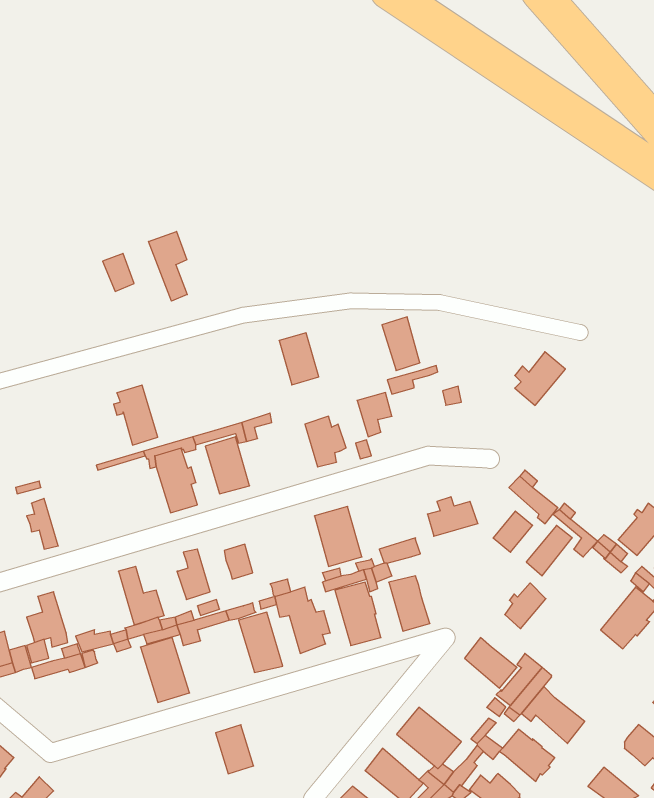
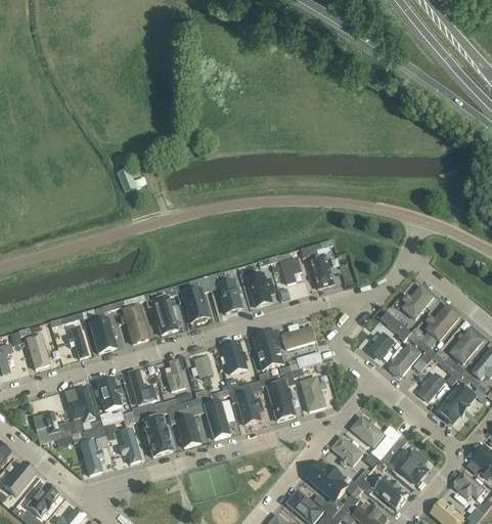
building: [149,231,187,301] -> none
building: [382,317,420,371] -> [309,255,333,290]
building: [279,333,319,385] -> [217,277,242,311]
building: [515,352,565,405] -> [402,282,435,317]
building: [114,385,158,445] -> [119,304,147,343]
building: none -> [427,304,459,339]
building: none -> [88,316,116,351]
building: [427,497,478,536] -> [281,323,314,349]
building: none -> [222,342,247,375]
building: none -> [95,377,121,410]
building: [505,583,546,629] -> [418,373,445,402]
building: none -> [119,428,139,464]
building: none -> [329,435,363,468]
building: none -> [79,440,102,476]
building: [216,725,254,774] -> [176,416,200,447]

